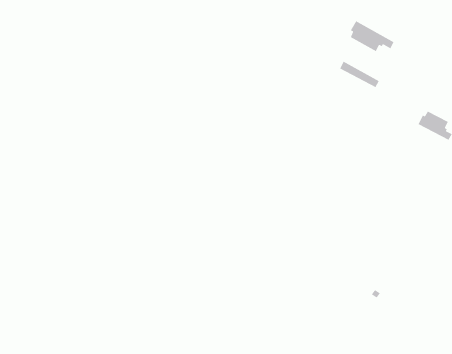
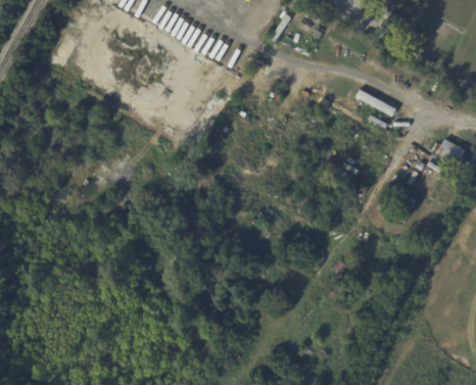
building: [350,20,394,52] -> none

